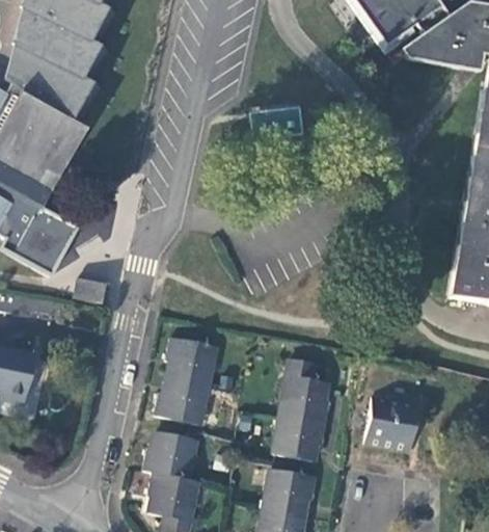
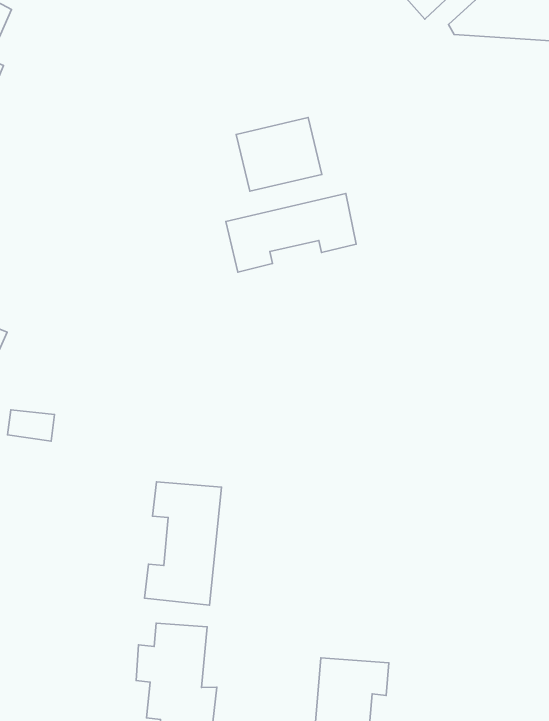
building: none -> [226,193,356,272]
building: [274,357,330,459] -> none
building: [364,397,418,451] -> none

